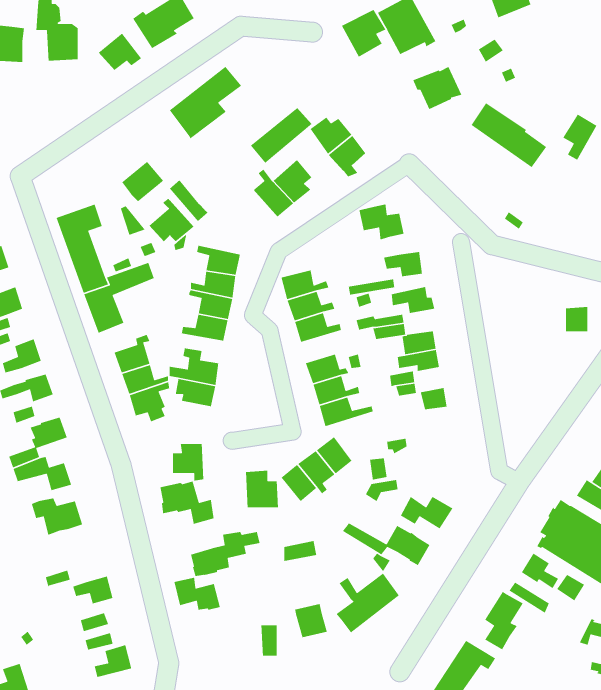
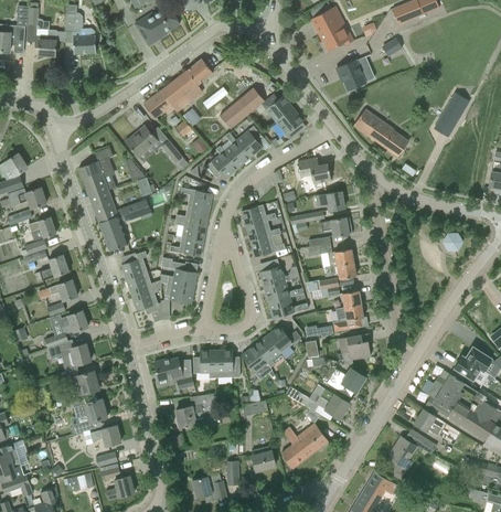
building: [341,9,386,58] -> none
building: [98,32,142,71] -> [142,90,174,118]
building: [471,102,547,168] -> [353,109,408,157]
building: [148,198,194,242] -> [205,147,238,179]
building: none -> [333,305,363,332]
building: [172,443,204,481] -> [193,351,216,378]
building: none -> [338,333,370,360]
building: none -> [73,399,108,423]
building: [173,577,221,611] -> [192,477,226,501]

